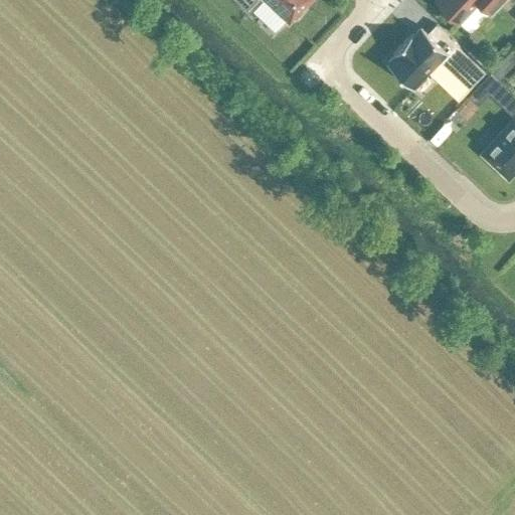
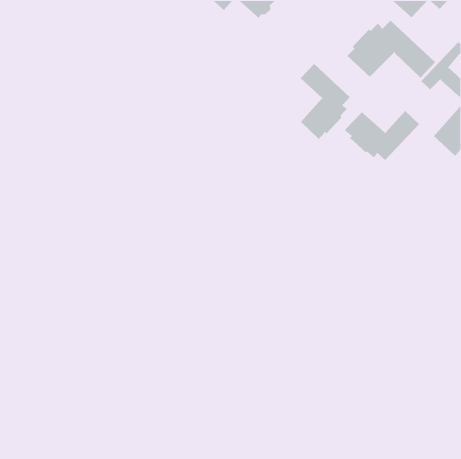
building: none -> [300,63,350,140]
building: none -> [344,110,420,161]

